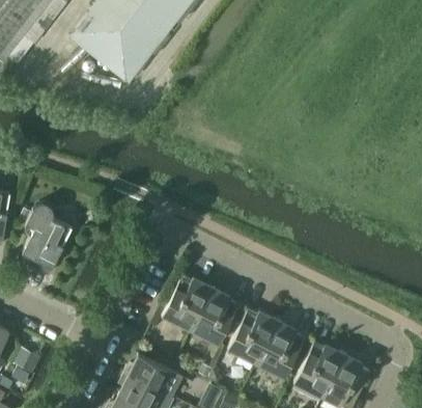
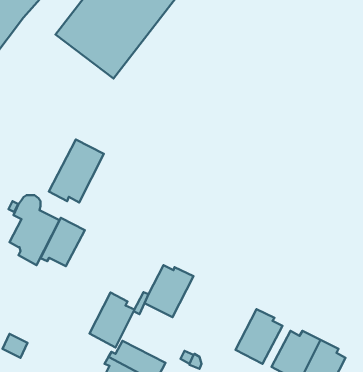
building: none -> [49,139,104,202]
building: none -> [41,218,85,266]
building: [191,288,237,345] -> [89,293,134,347]
building: [227,310,278,364] -> none

